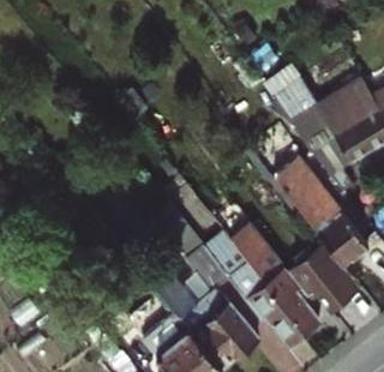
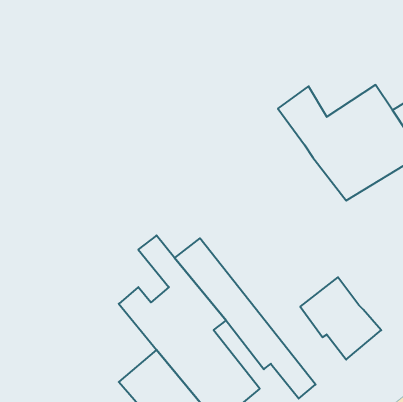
building: [276,157,370,265] -> none
building: [230,217,320,334] -> none

